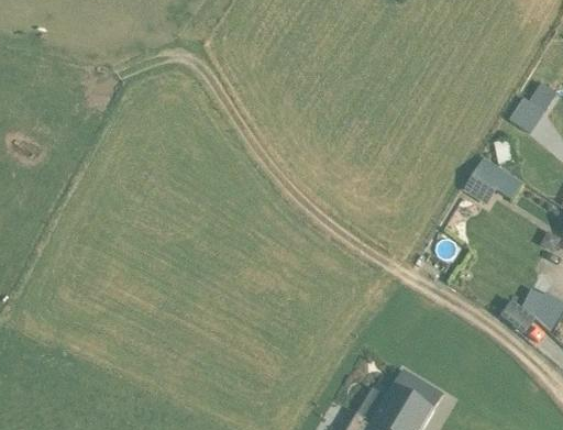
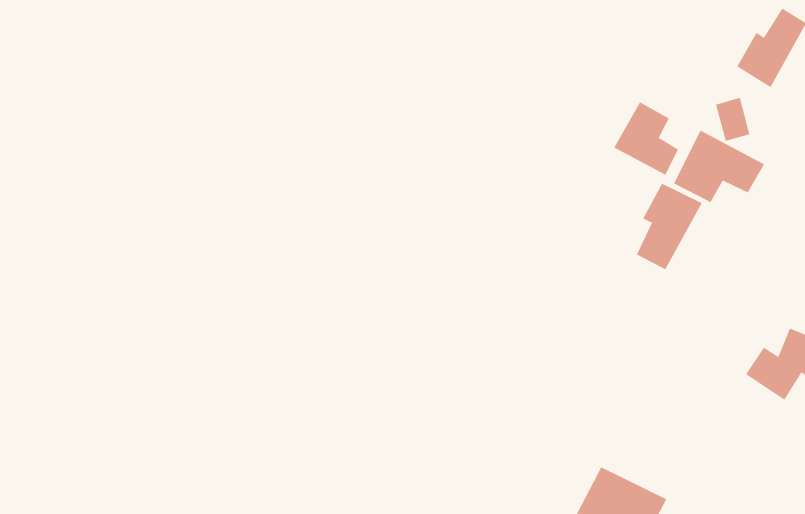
building: none -> [614,102,679,176]
building: none -> [636,183,702,270]

